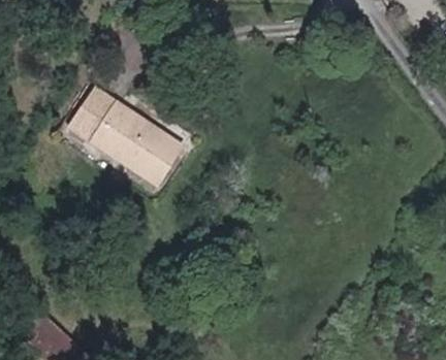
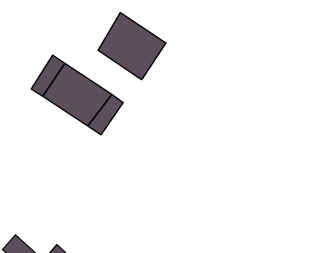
building: none -> [98,13,166,80]

